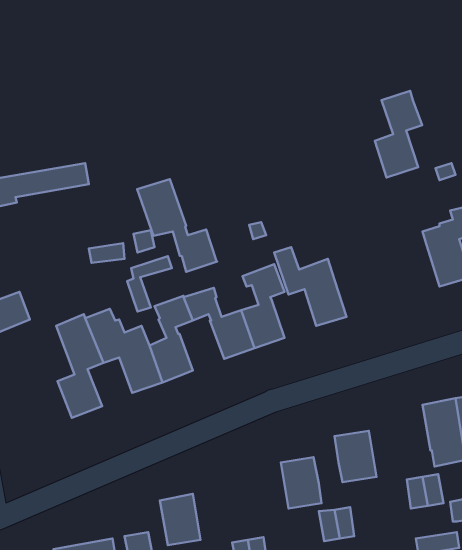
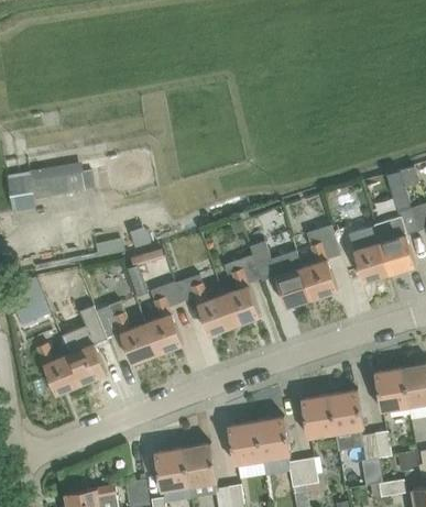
building: [375,91,422,178] -> [301,227,340,299]
building: [137,179,217,272] -> none
building: none -> [348,229,389,282]
building: none -> [36,343,80,394]
building: none -> [329,389,363,433]
building: none -> [227,421,262,464]
building: none -> [182,443,217,486]

